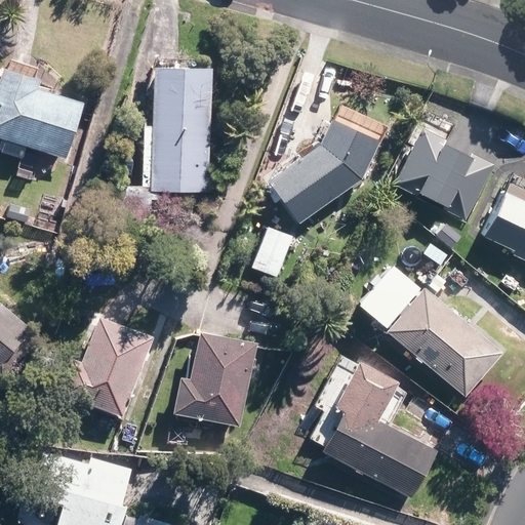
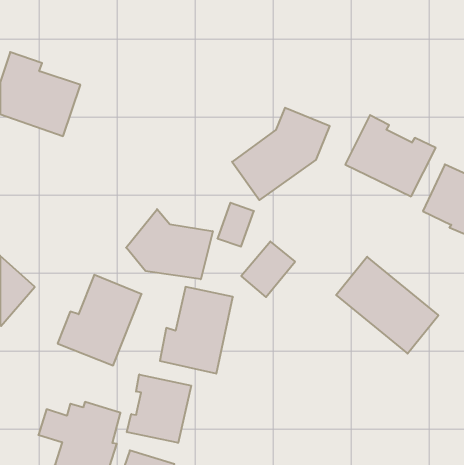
building: [150,57,221,189] -> none
building: none -> [126,209,213,279]
building: [350,269,410,331] -> [241,241,295,297]
building: [314,365,432,500] -> none
building: none -> [127,374,191,443]

